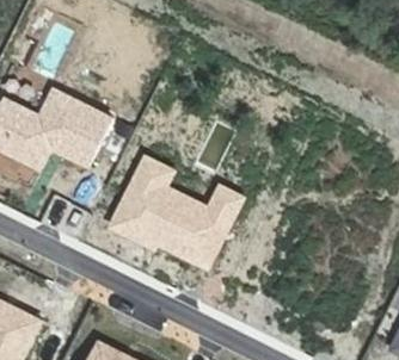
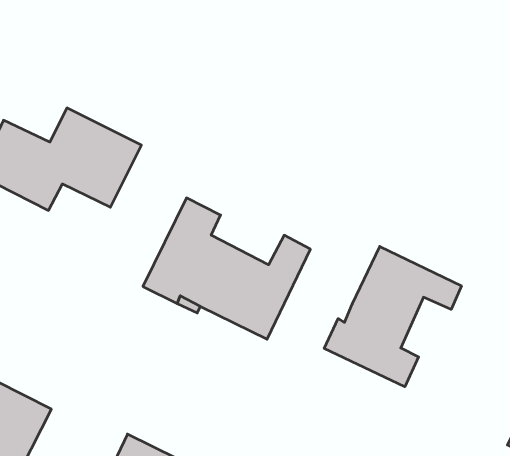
building: none -> [324,246,461,387]

